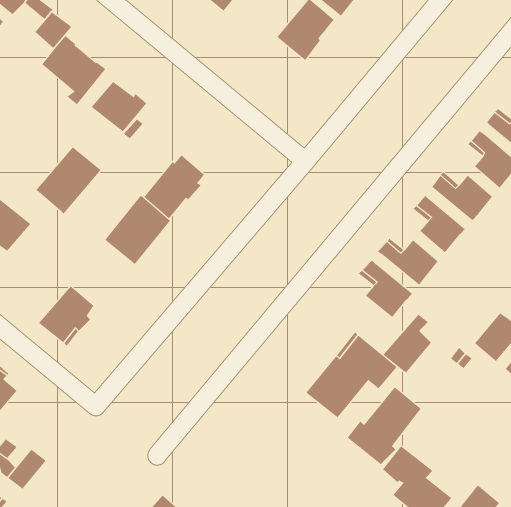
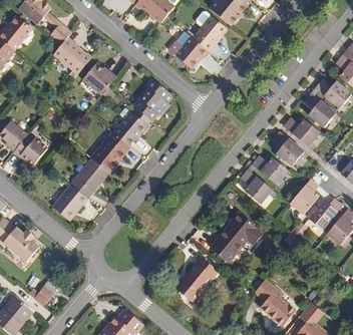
building: none -> [167,31,209,69]
building: none -> [132,78,171,121]
building: [35,146,101,214] -> [69,158,108,199]
building: [382,314,432,373] -> [289,180,318,215]
building: [347,387,422,465] -> [172,257,217,303]

